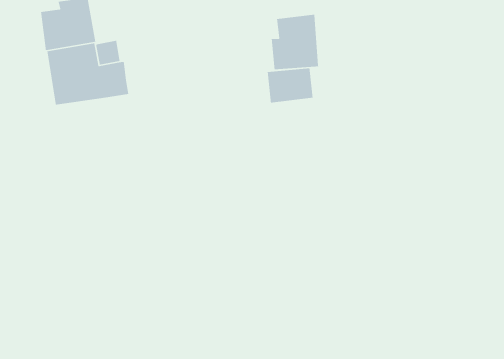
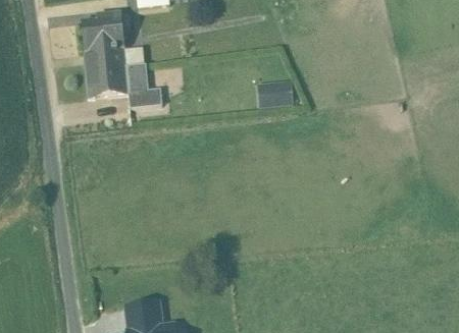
building: [271,14,320,70] -> none
building: none -> [128,78,162,108]

